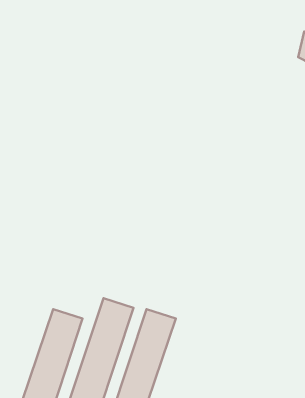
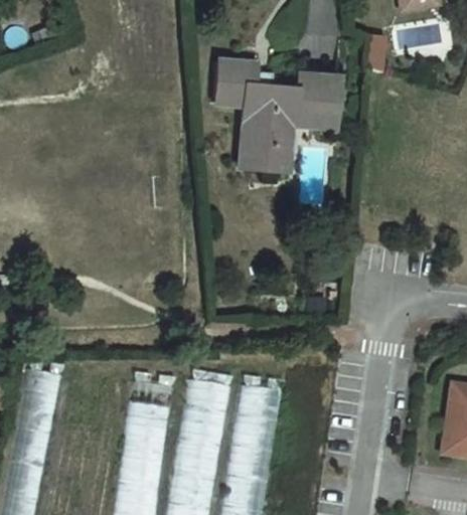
building: none -> [212,64,336,171]

